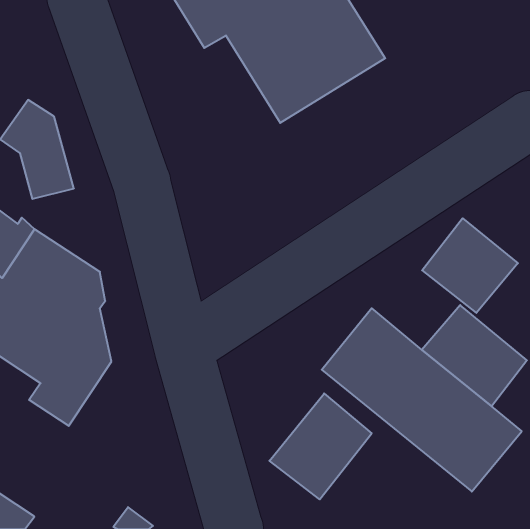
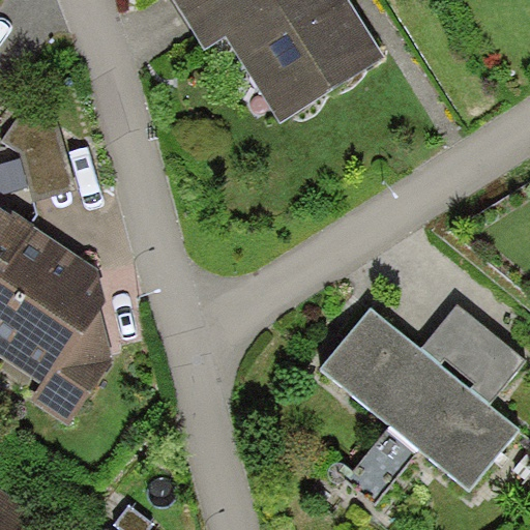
building: [422,218,518,313] -> none
building: [269,393,372,499] -> none

